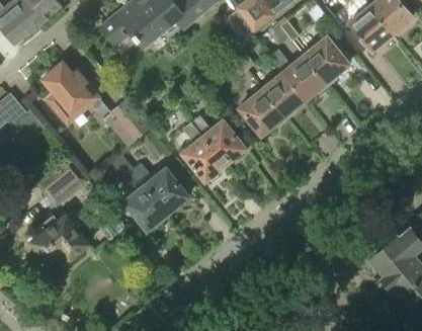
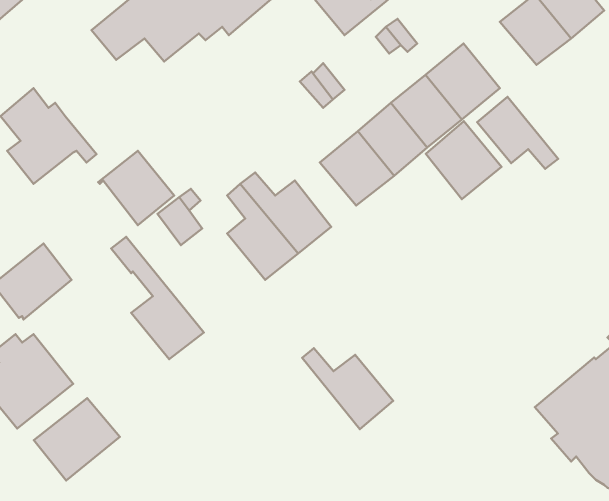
building: none -> [477,97,558,169]
building: none -> [426,121,502,199]
building: [133,164,188,214] -> [302,348,393,429]
building: none -> [34,398,120,480]

